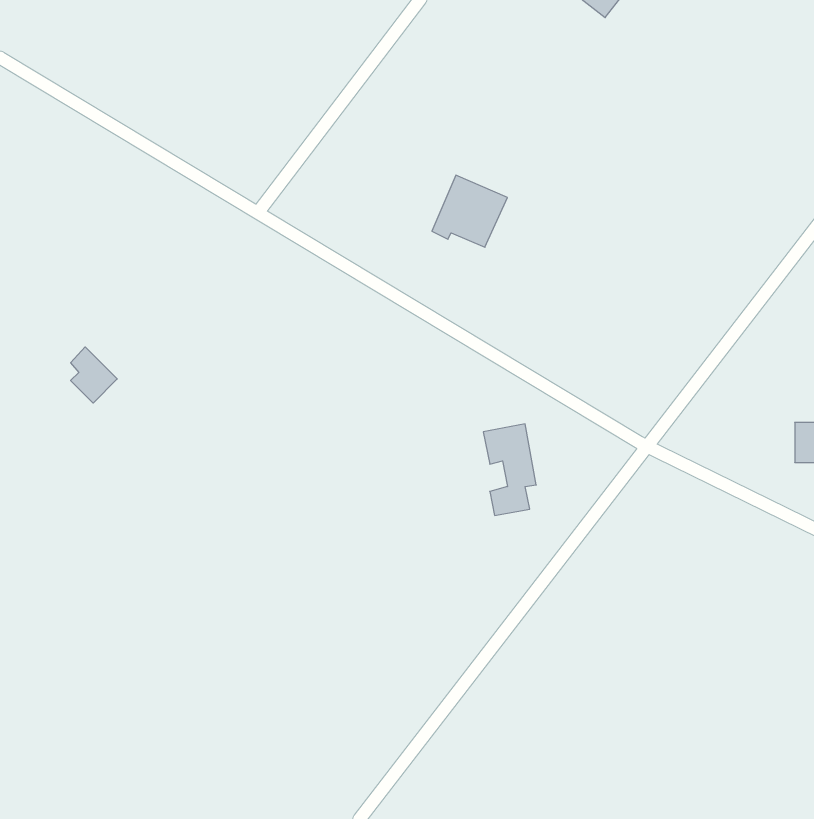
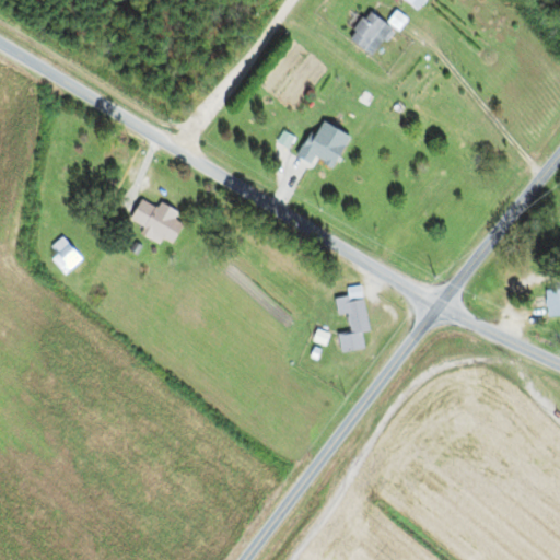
building: none -> [349,12,406,57]
building: none -> [132,201,180,241]

